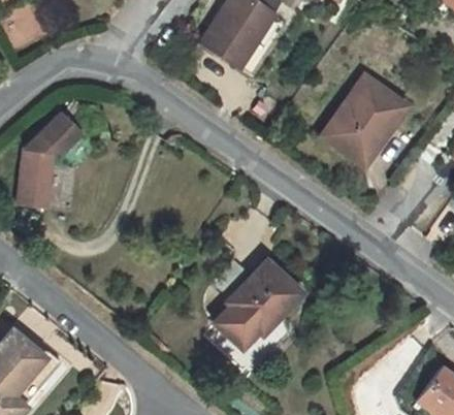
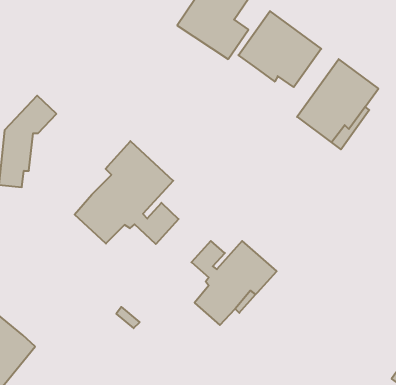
building: none -> [238,11,321,87]
building: none -> [75,141,179,244]

